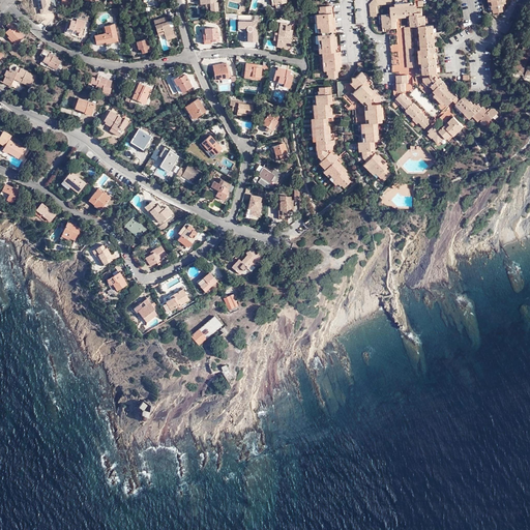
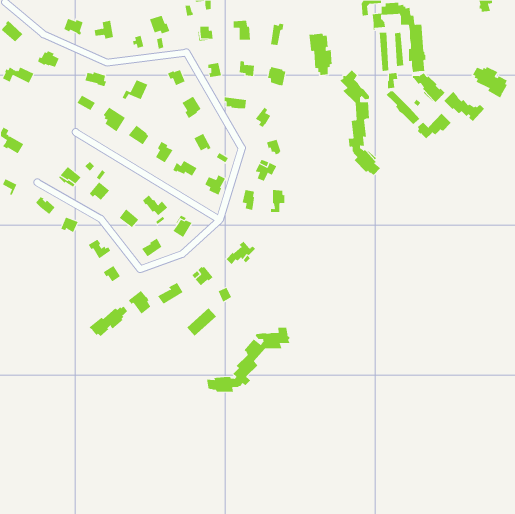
building: [316,6,335,33] -> none
building: none -> [472,66,508,99]
building: [311,87,351,188] -> none
building: none -> [89,306,128,337]
building: none -> [206,327,291,393]

